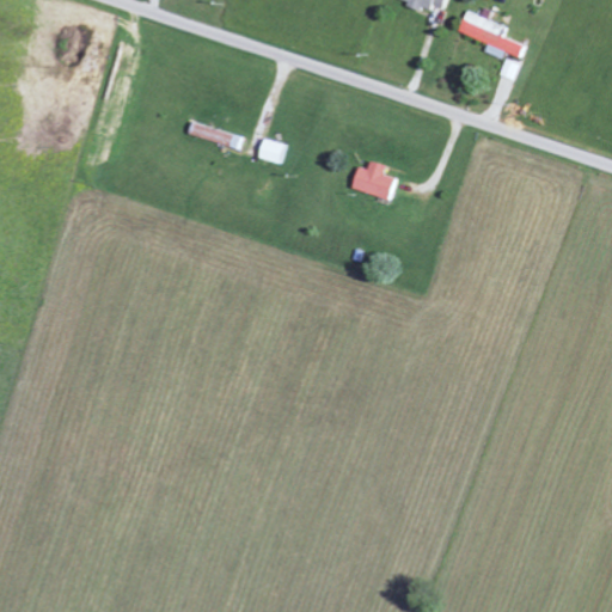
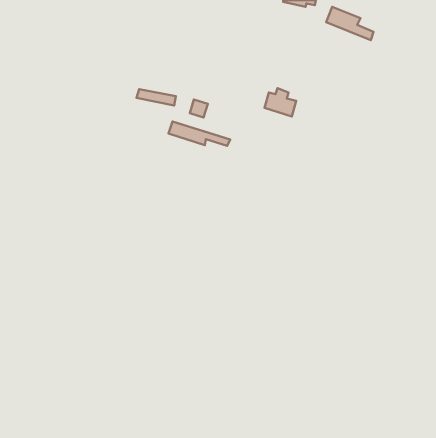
building: [349,160,393,200] -> [264,88,296,116]
building: none -> [169,122,230,146]

